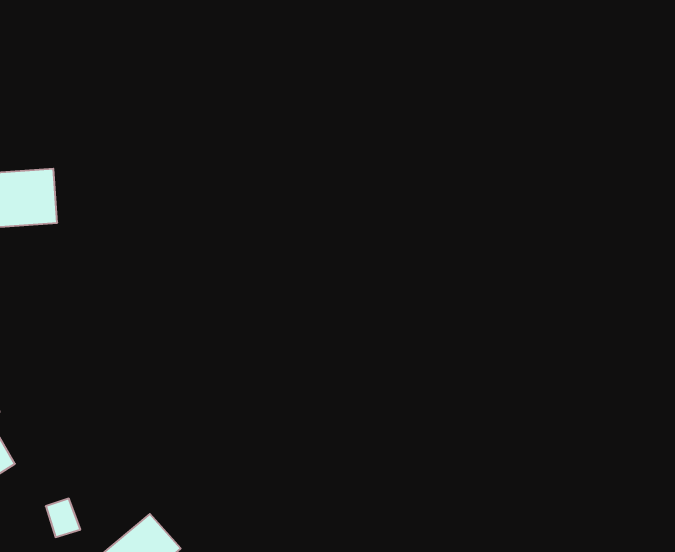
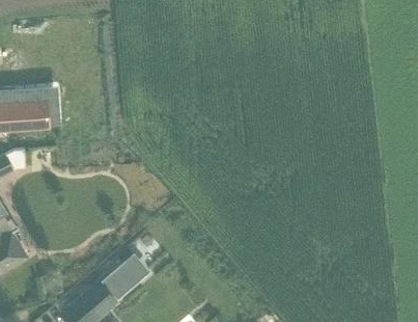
building: none -> [107,254,147,293]

